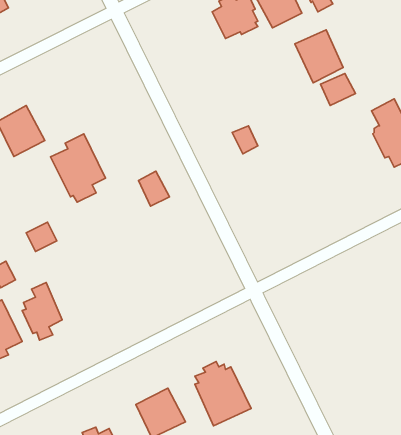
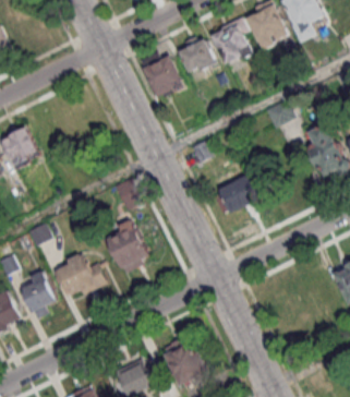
building: none -> [140,53,185,97]
building: [295,30,343,83] -> none
building: [50,134,105,202] -> [105,219,149,275]
building: none -> [215,179,252,214]
building: none -> [55,251,106,296]

